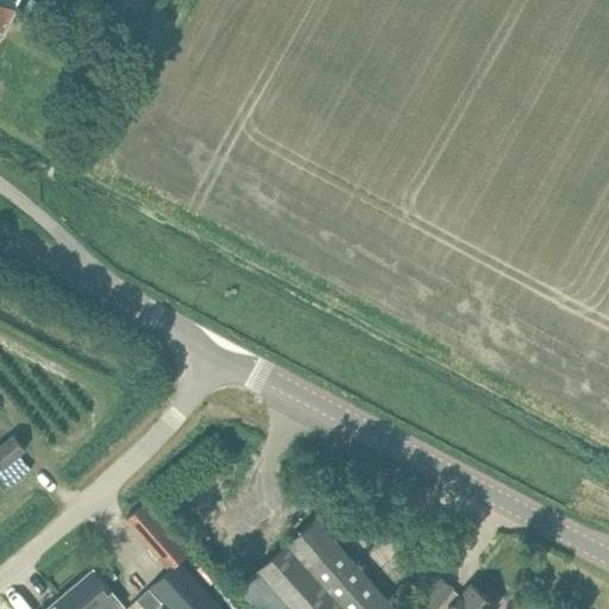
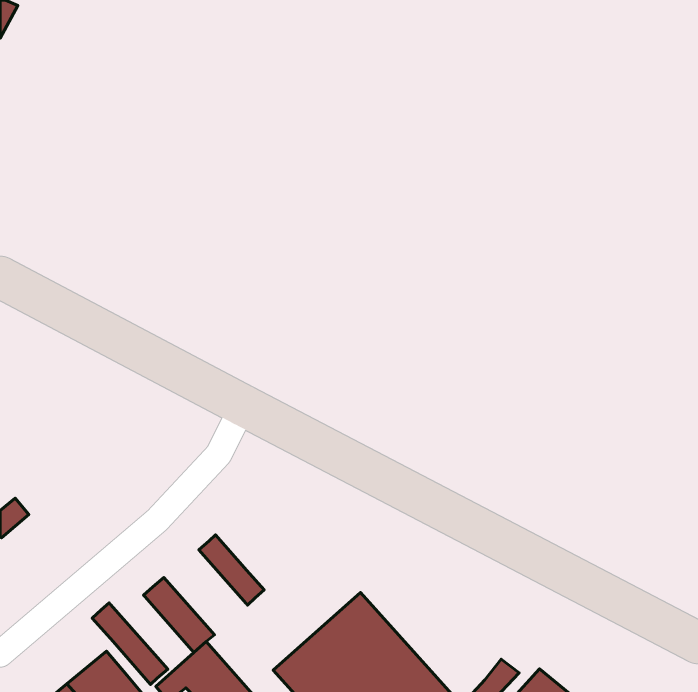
building: none -> [199,535,264,605]
building: none -> [92,603,168,685]

